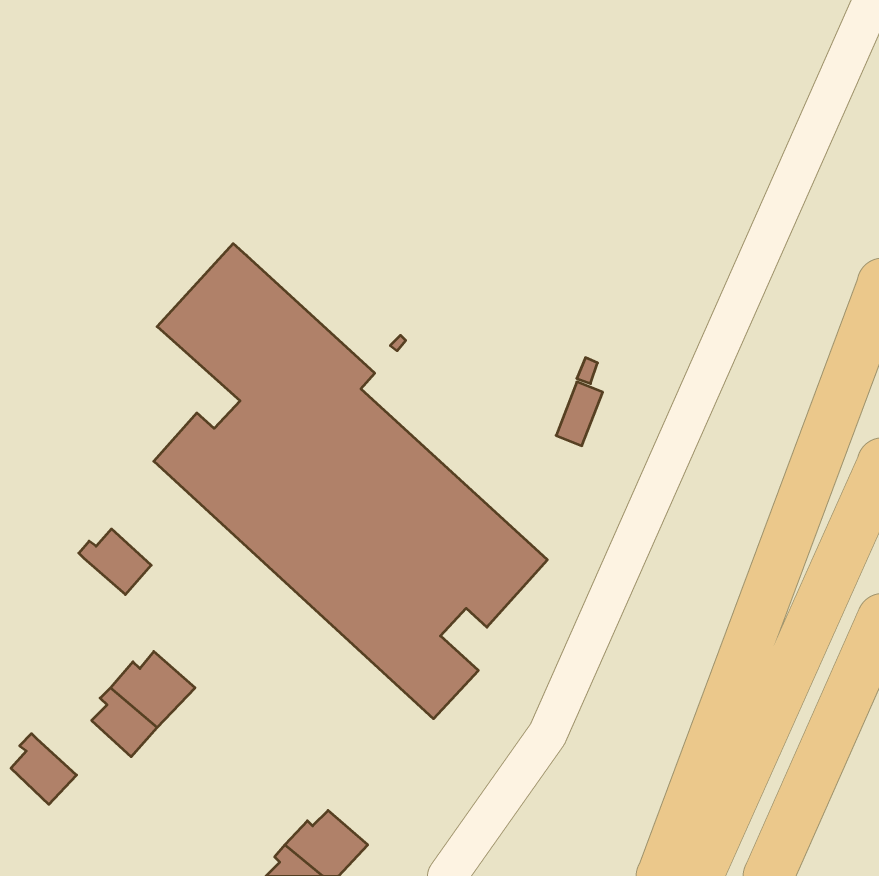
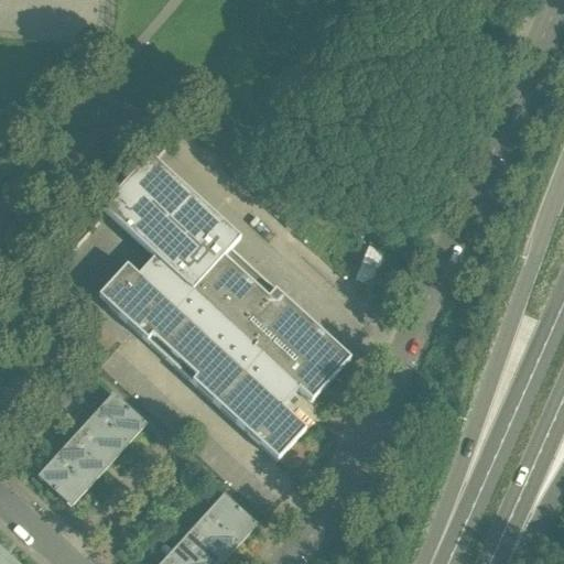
building: [79,529,151,595] -> [97,397,143,438]
building: [11,734,77,804] -> [44,456,86,501]
building: none -> [207,497,253,539]

